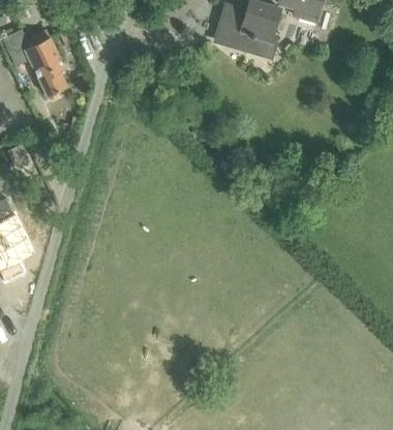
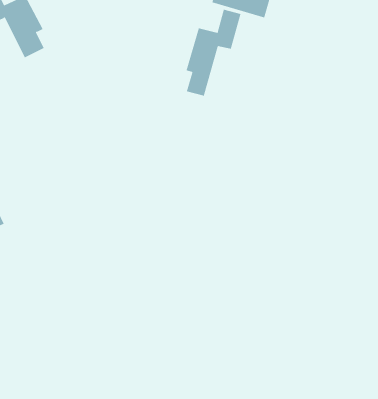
building: none -> [186,9,241,97]

